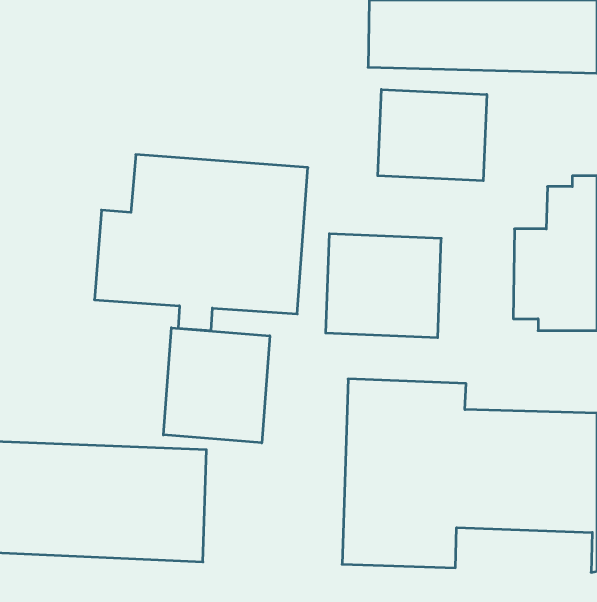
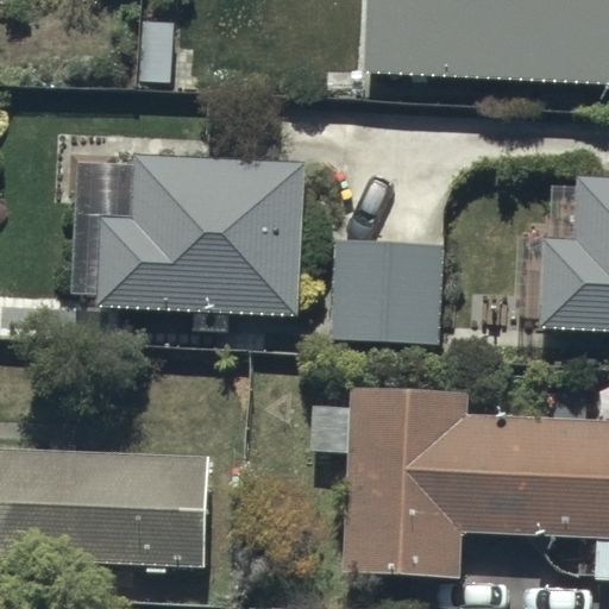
building: [378,89,487,181] -> none
building: [163,328,270,443] -> none

